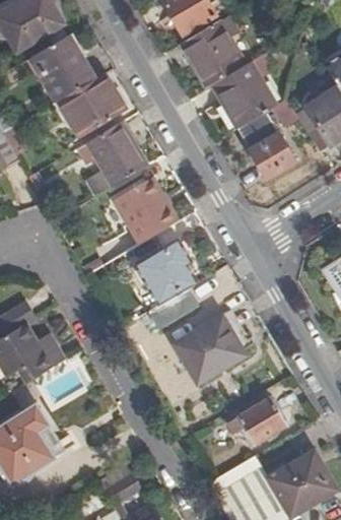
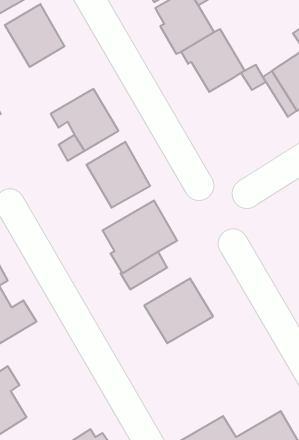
building: [59,73,125,136] -> none
building: [234,113,294,180] -> none
building: [227,398,286,444] -> none

